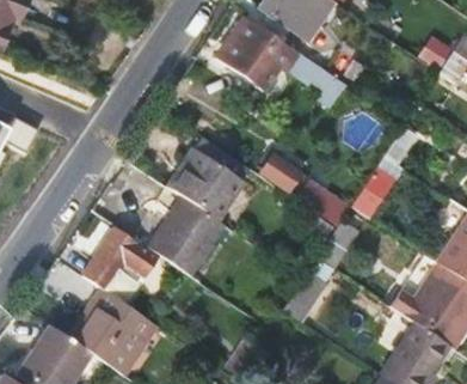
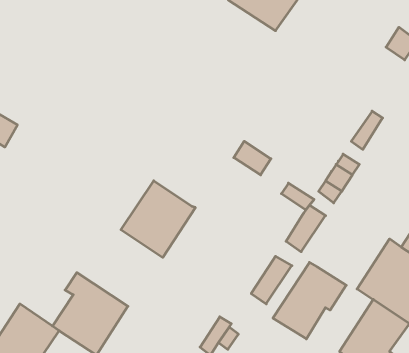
building: [216,16,348,99] -> none
building: [178,148,248,221] -> none
building: [87,231,158,288] -> none
building: none -> [273,262,346,339]

